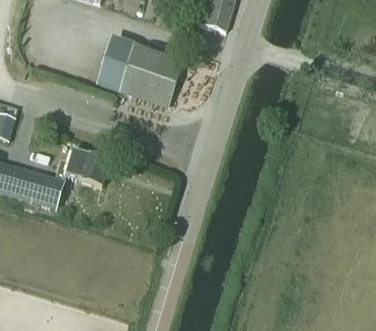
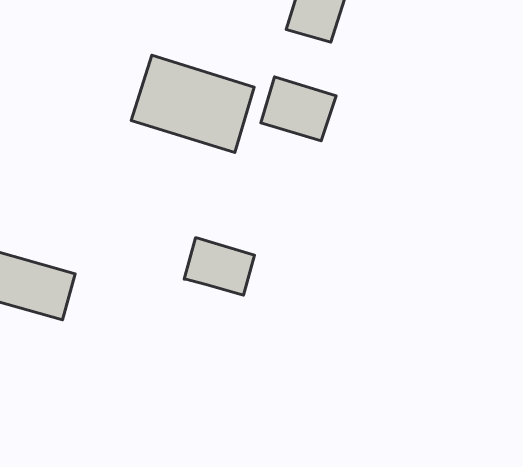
building: none -> [261,77,336,141]
building: [66,148,110,184] -> [184,238,255,295]

